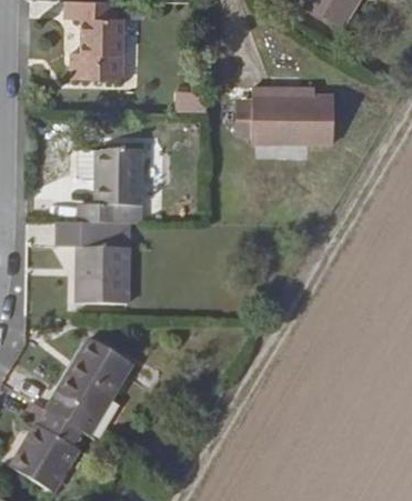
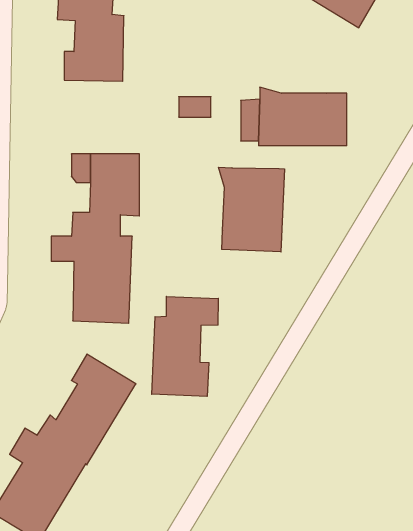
building: none -> [219,167,284,252]
building: none -> [152,296,218,396]

